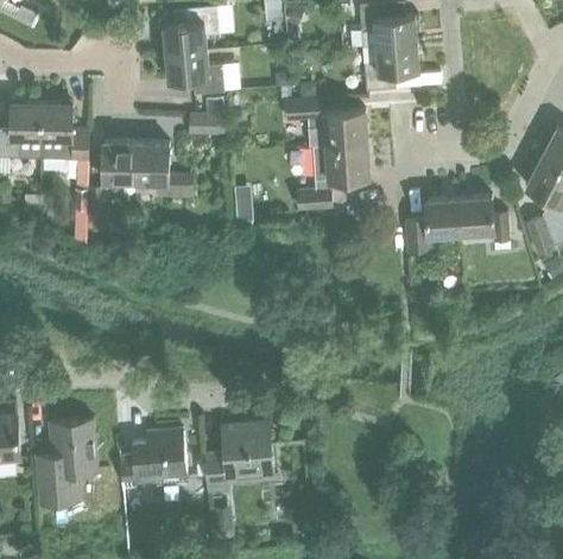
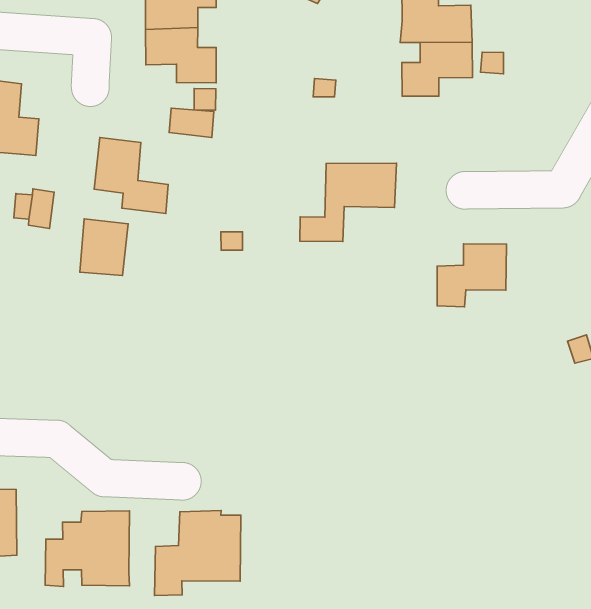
building: [284,99,367,147] -> none
building: [101,140,135,182] -> [80,219,128,276]
building: [457,196,508,241] -> none

